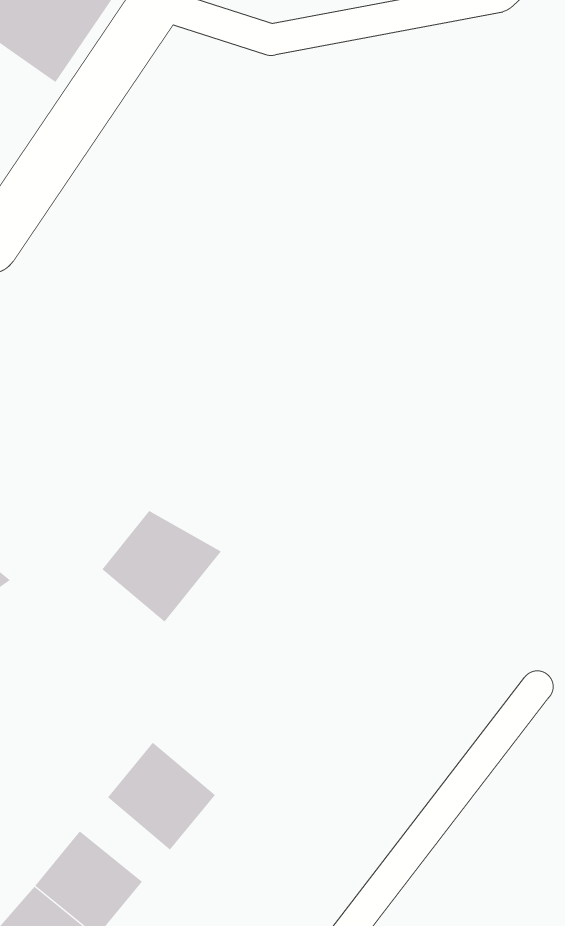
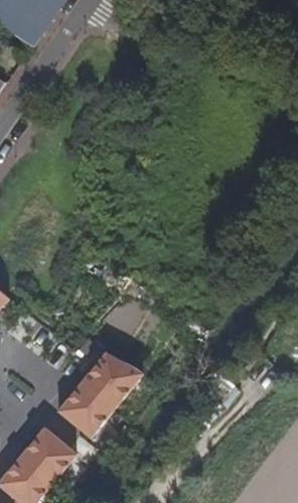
building: [102,510,222,623] -> [81,352,142,409]

